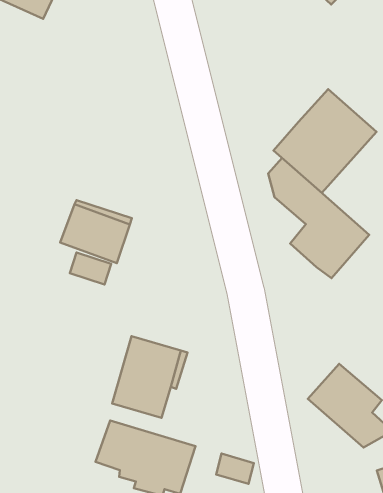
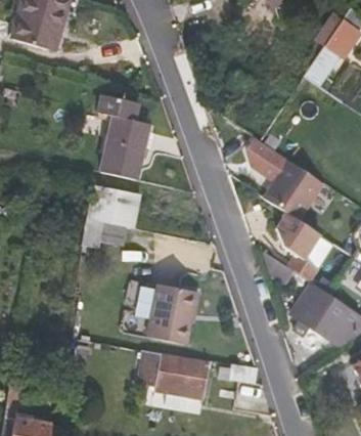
building: none -> [86,83,159,179]
building: [274,89,376,193] -> none
building: none -> [276,213,319,259]

